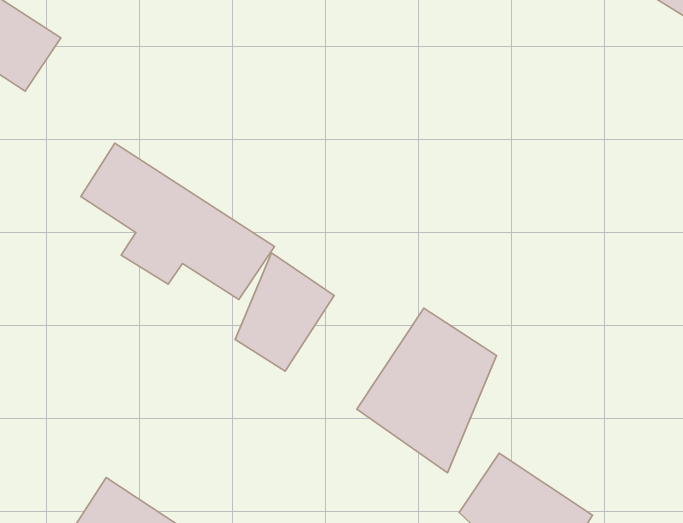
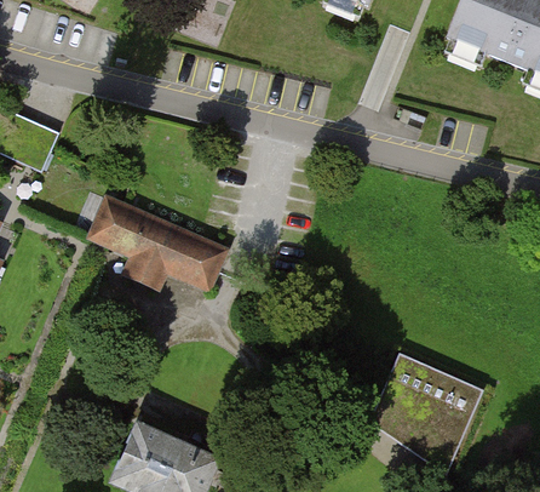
building: [235,253,334,371] -> none
building: [357,308,497,473] -> none

